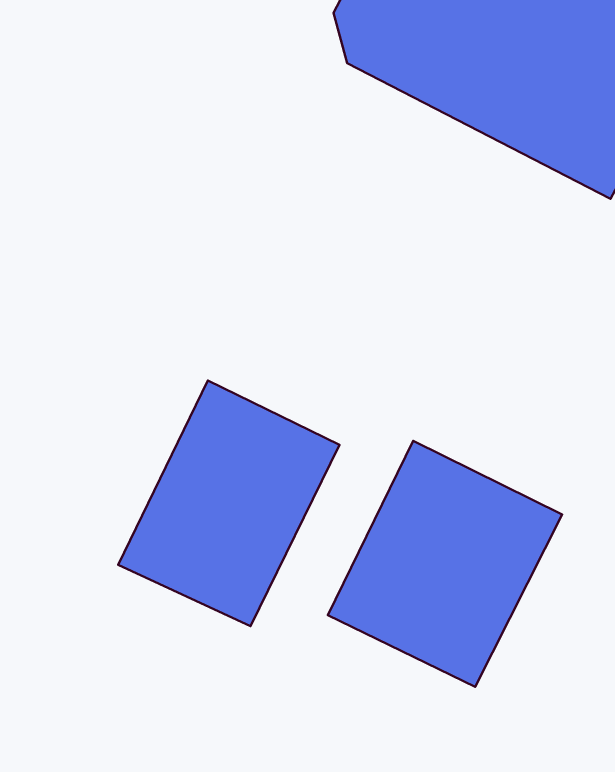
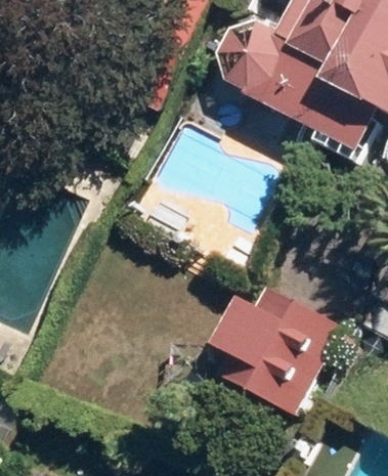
building: [118,380,339,626] -> none

